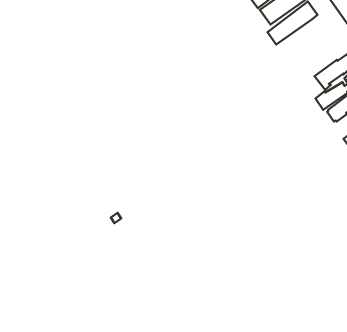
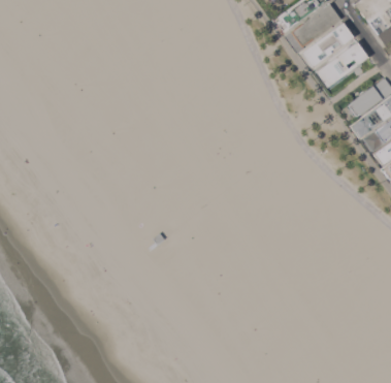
building: none -> [316,41,369,89]

